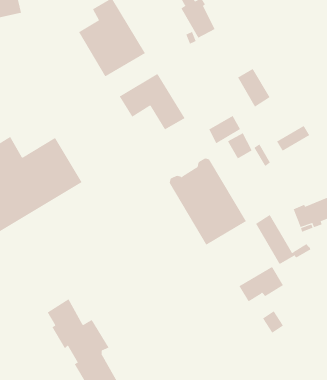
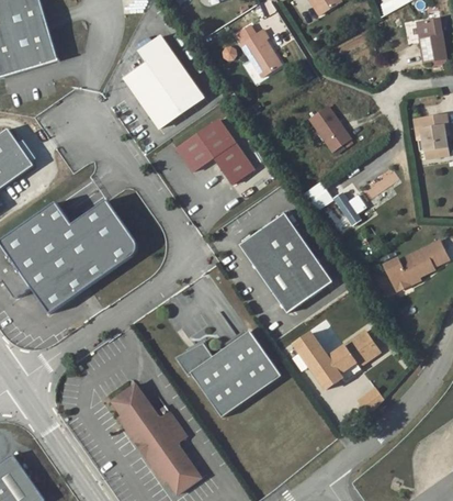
building: [208,115,241,144] -> none
building: [255,214,311,265] -> [295,332,361,389]
building: none -> [175,330,282,416]

